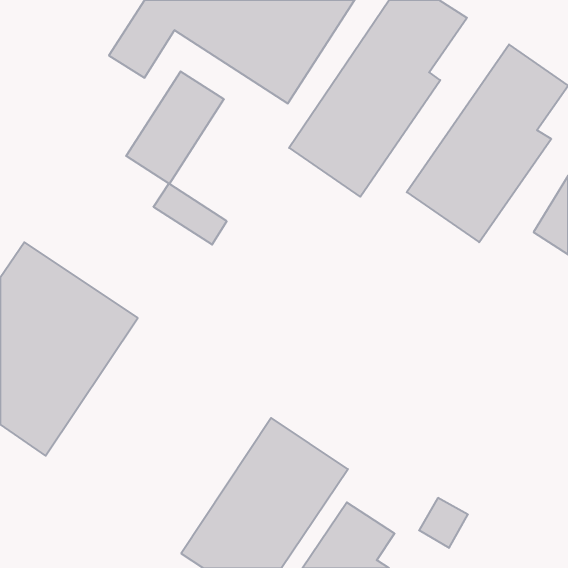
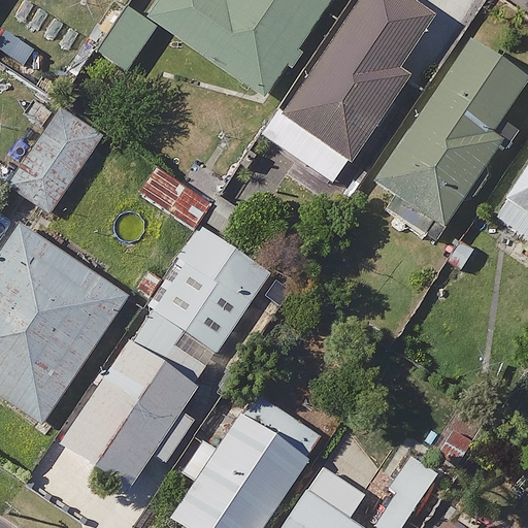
building: [126,71,224,184] -> [10,109,101,213]
building: none -> [64,229,269,498]

